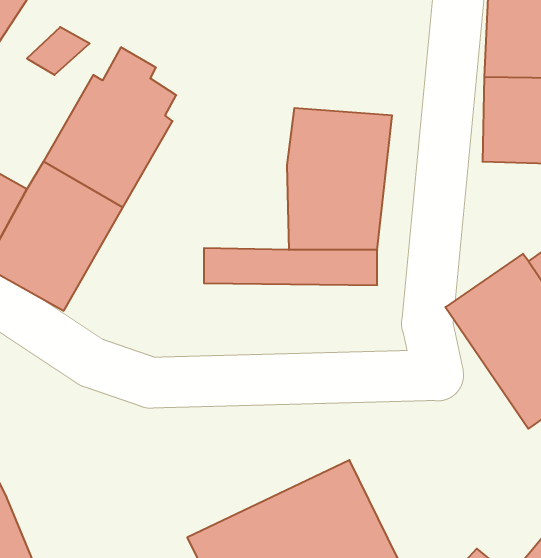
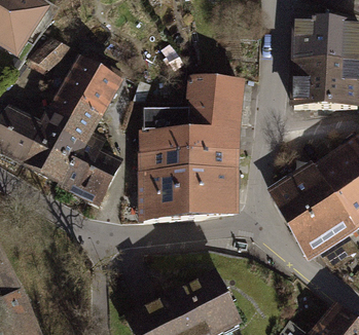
building: none -> [136,110,183,157]
building: none -> [58,134,117,211]
building: none -> [136,176,232,220]

